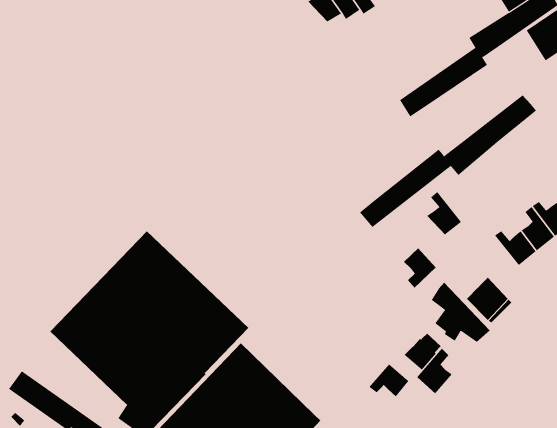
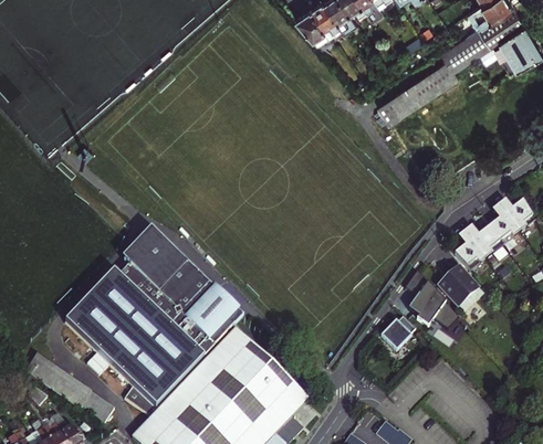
building: [359,95,537,228] -> none
building: [426,191,462,235] -> [455,229,487,268]
building: [403,247,437,288] -> none
building: [416,348,453,394] -> none
building: [369,363,409,397] -> none

